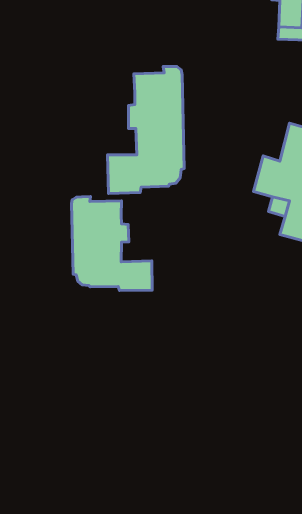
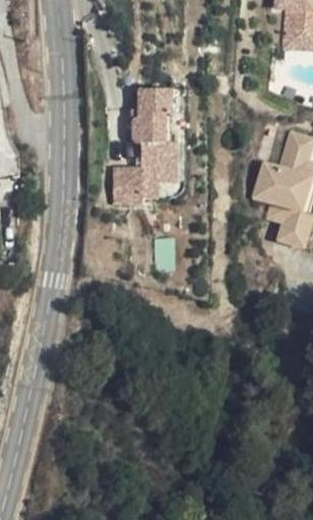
building: [71,197,152,291] -> none

